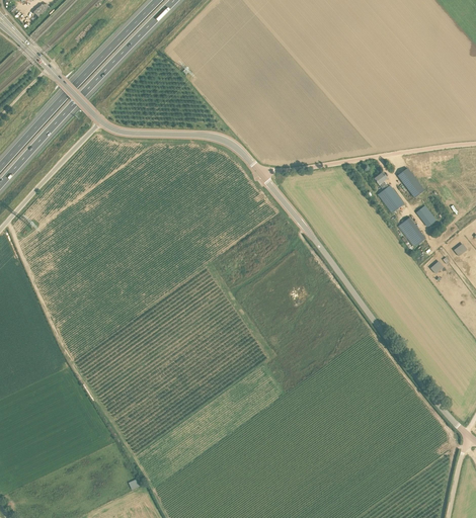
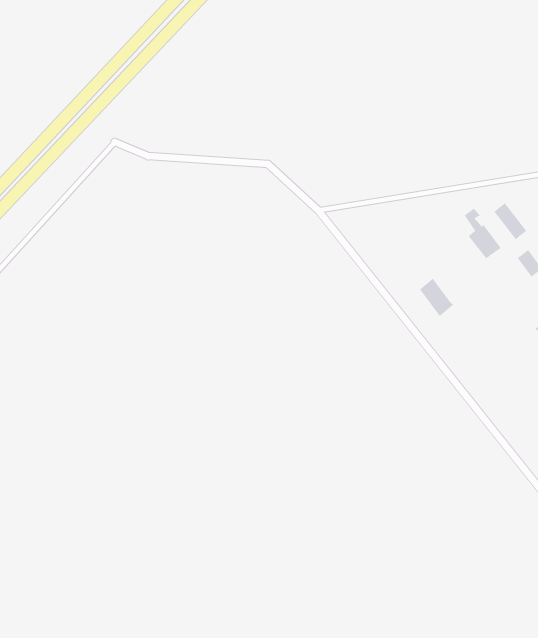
building: [399,217,426,247] -> [419,278,454,316]

